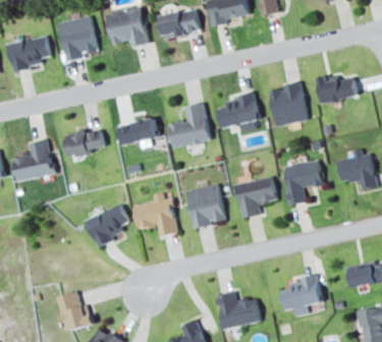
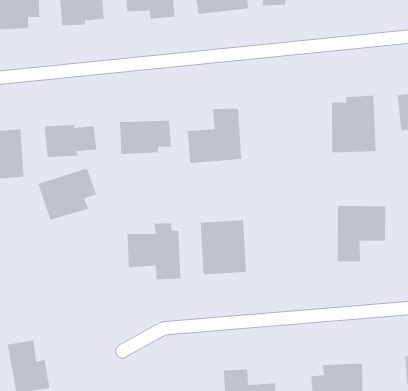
building: [217,94,259,131] -> none
building: [234,176,276,218] -> none
building: [85,204,128,245] -> [38,168,97,221]

